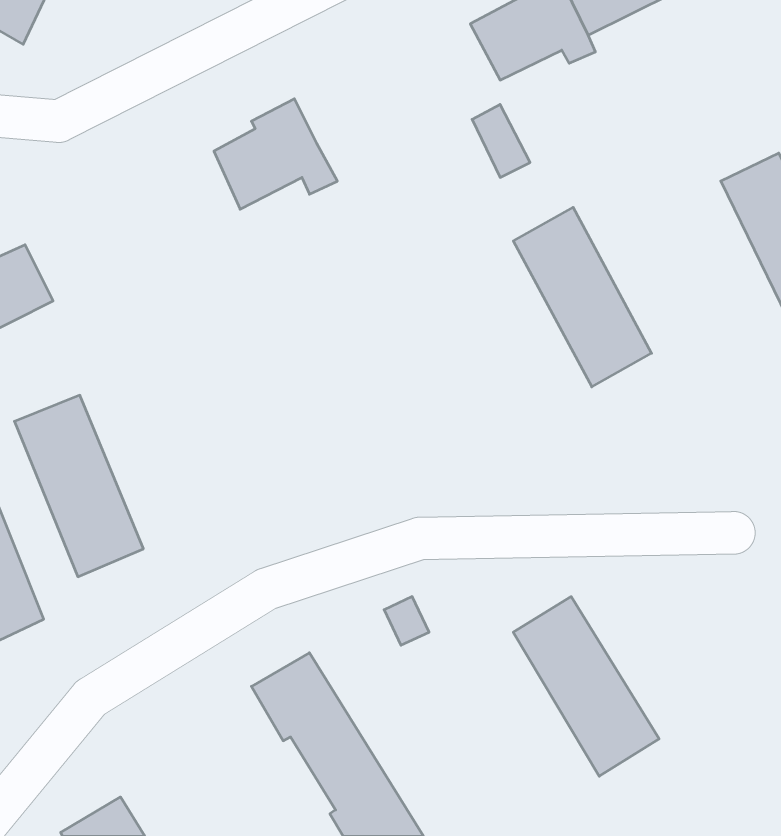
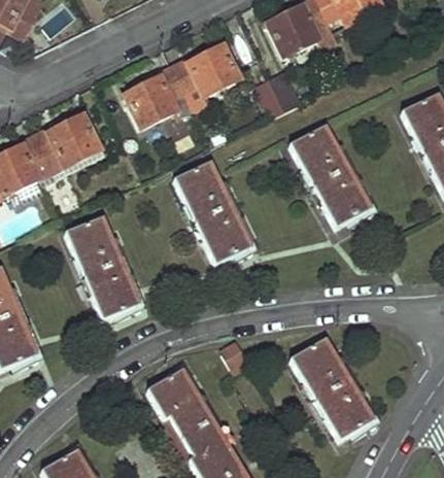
building: none -> [172,47,237,94]
building: none -> [22,115,98,176]
building: none -> [178,163,251,262]
building: [14,395,143,577] -> [67,216,138,316]

